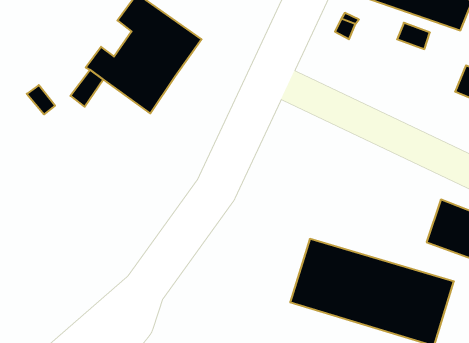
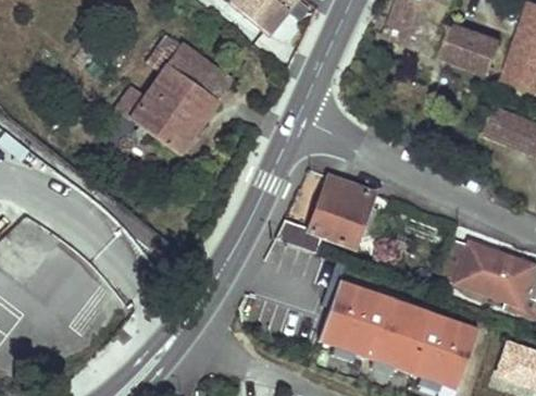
building: none -> [274,176,372,252]

